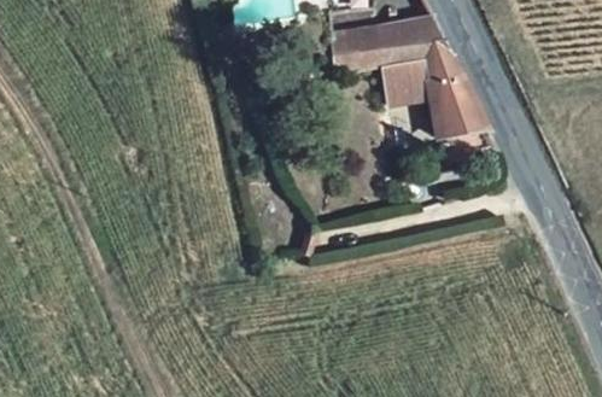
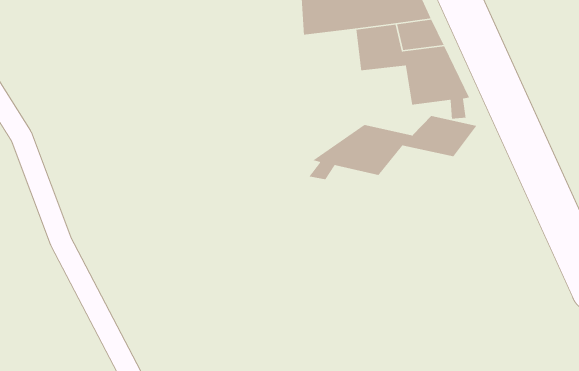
building: none -> [308,115,478,180]

